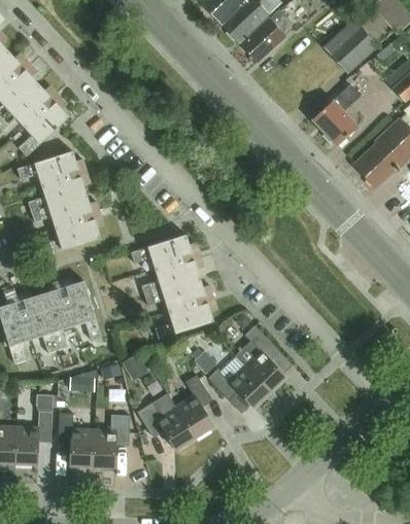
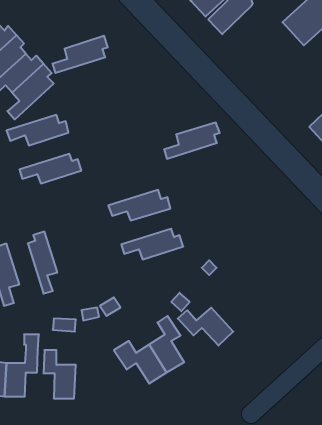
building: [312,84,361,147] -> none
building: [28,171,90,212] -> [52,36,108,73]
building: [41,213,103,255] -> none
building: [141,255,203,295] -> [164,123,220,159]
building: [59,277,101,340] -> none
building: [16,290,58,353] -> none
building: [155,298,216,340] -> none
building: [244,325,285,392] -> none
building: [92,415,130,467] -> none

